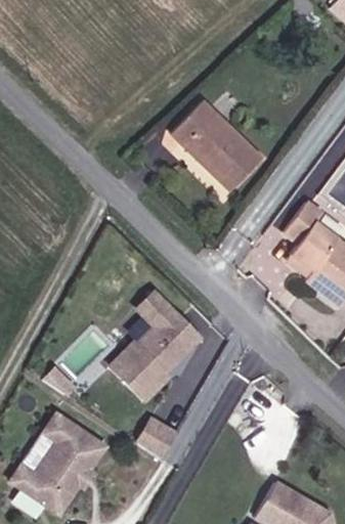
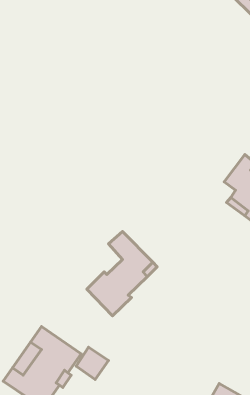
building: [172,100,261,188] -> none
building: [136,418,176,457] -> [76,347,108,379]

